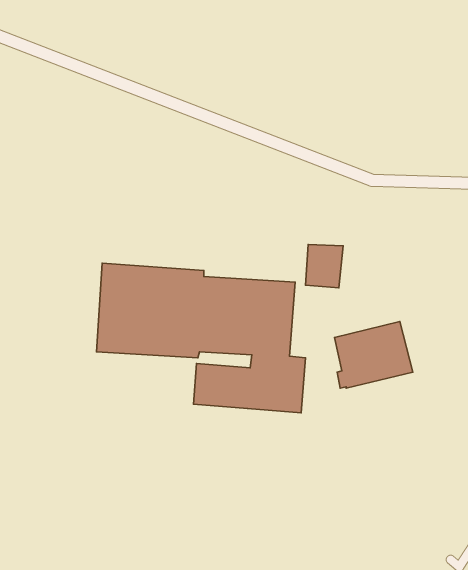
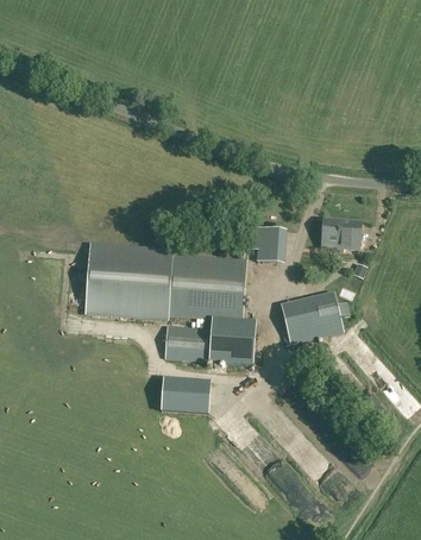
building: none -> [321,219,360,249]
building: none -> [162,376,211,413]

